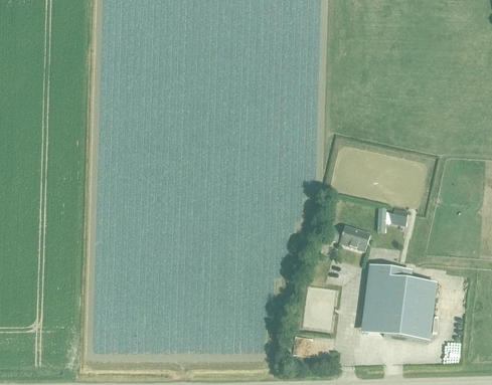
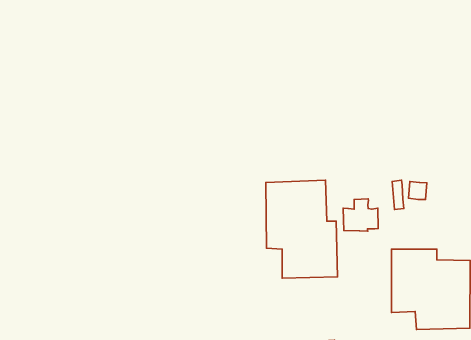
building: none -> [266,180,338,278]

